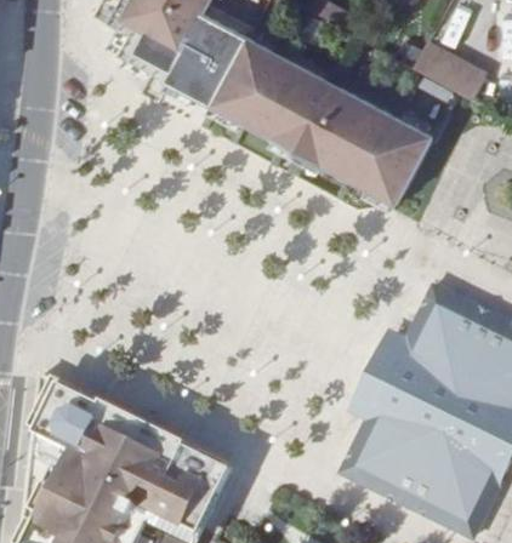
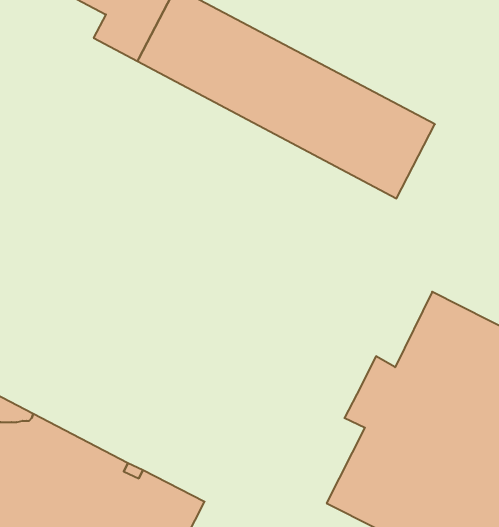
building: [411,46,483,101] -> none

